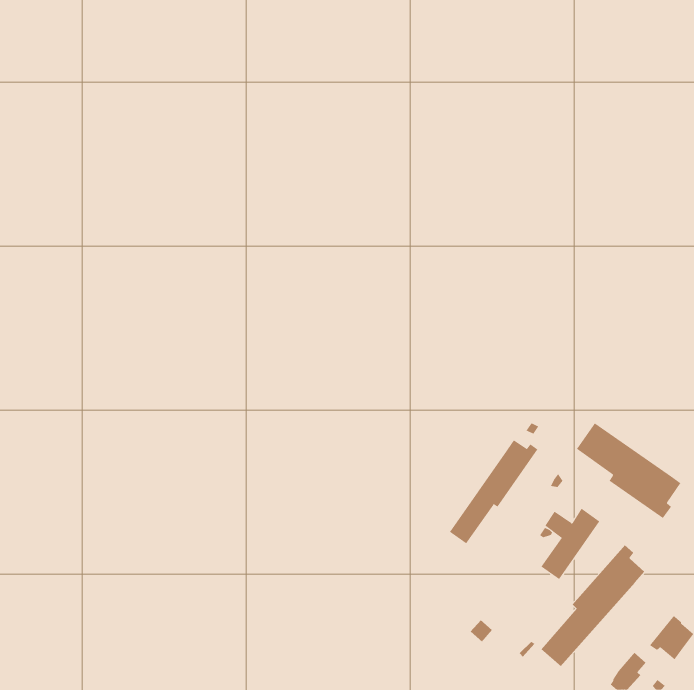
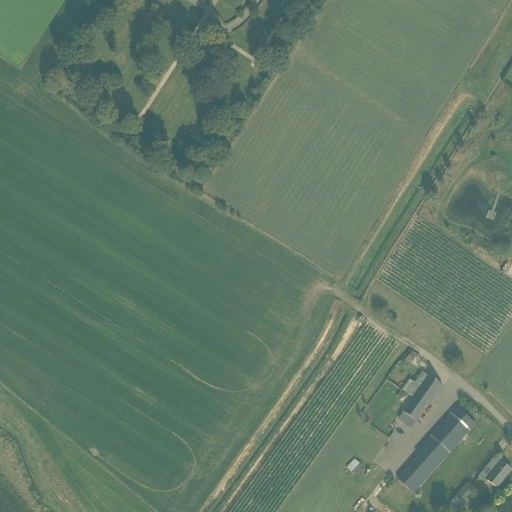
building: [576,423,681,519] -> none
building: [449,440,538,544] -> none

